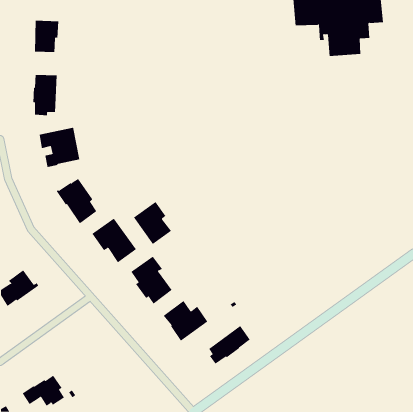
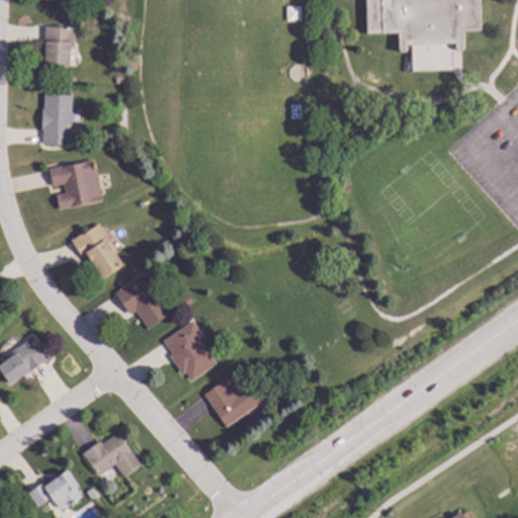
building: [133,201,172,245] -> none
building: [208,325,251,364] -> none
building: none -> [82,432,141,477]

